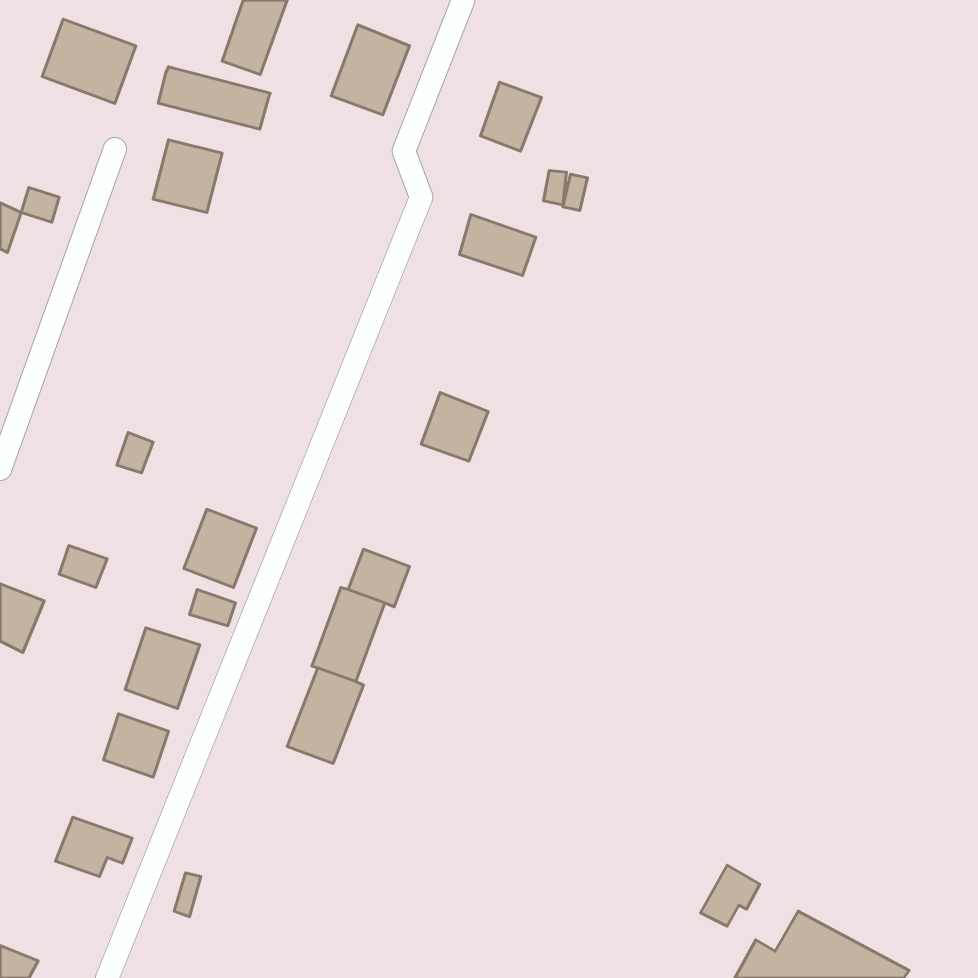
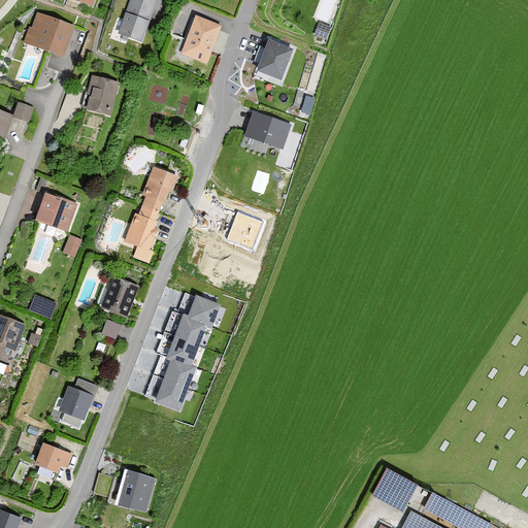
building: [158,67,270,129] -> none
building: none -> [125,165,178,261]
building: none -> [32,191,76,231]
building: [125,628,200,708] -> none
building: none -> [119,471,155,512]

